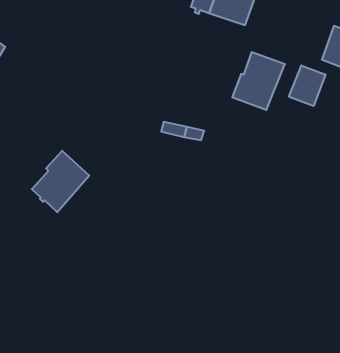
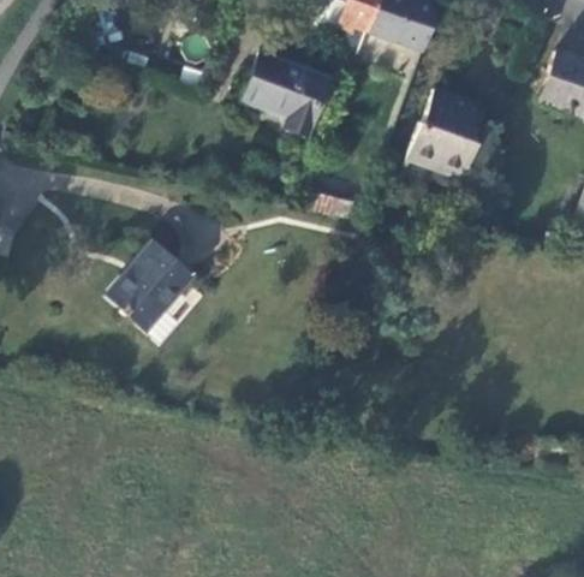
building: none -> [245,56,333,139]
building: [289,65,325,106] -> none

